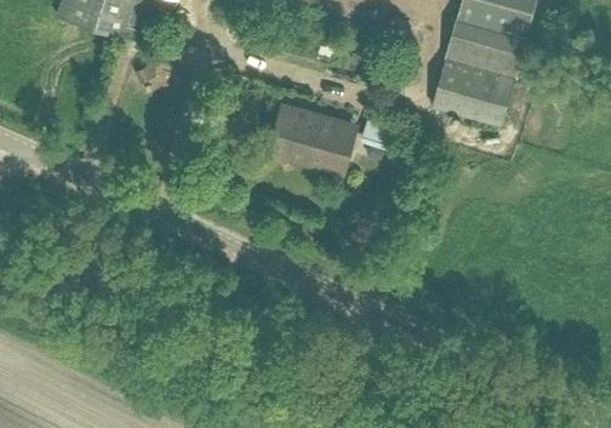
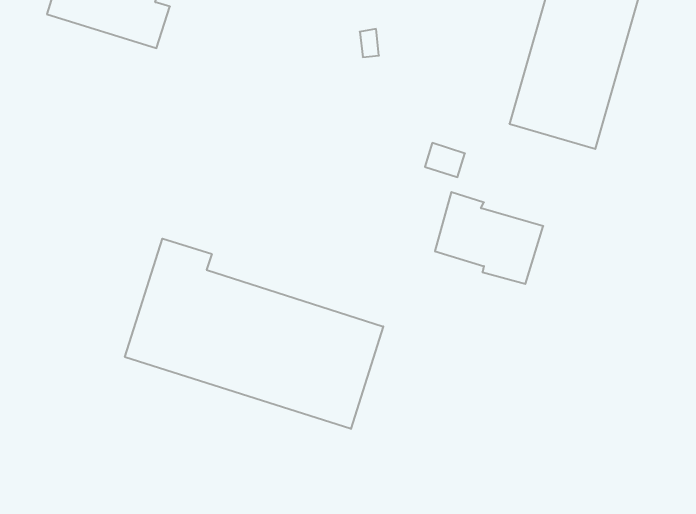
building: [268,107,356,182] -> [435,192,543,284]
building: none -> [125,239,383,429]

